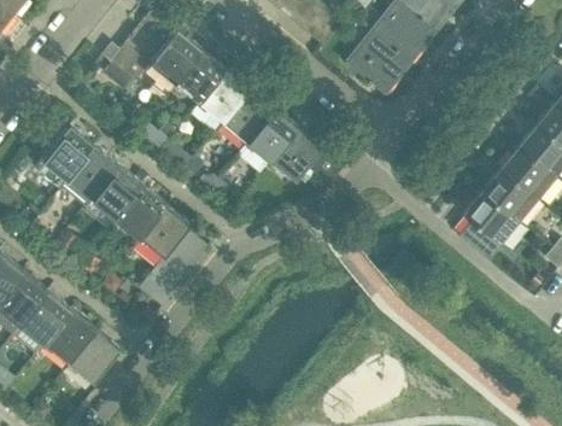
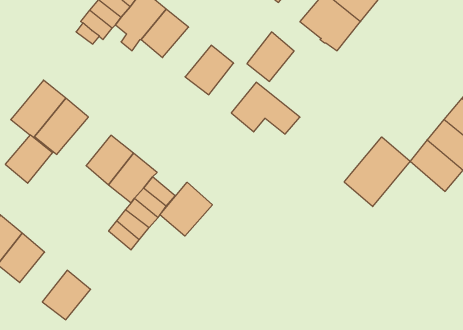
building: [198,70,250,123] -> none
building: [247,109,298,162] -> [247,32,294,81]
building: [92,167,142,218] -> [5,135,53,183]
building: none -> [344,137,410,207]
building: none -> [160,182,212,236]
building: [45,311,95,364] -> none

